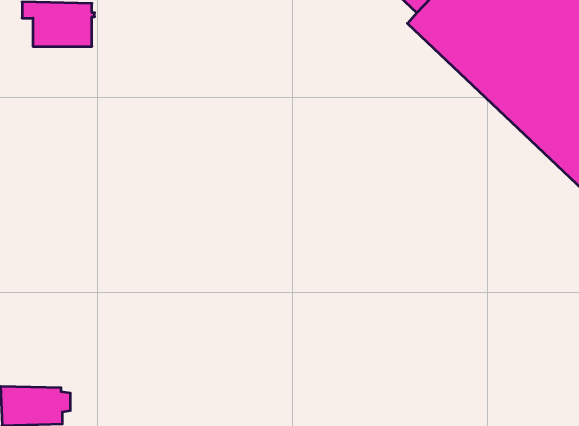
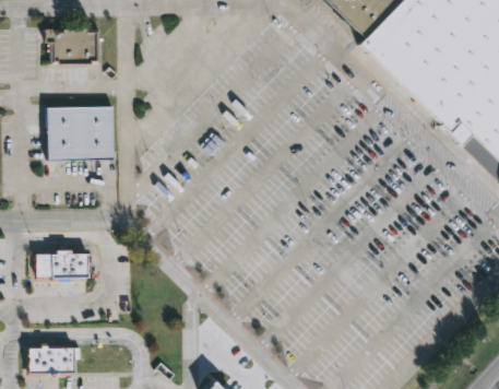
building: none -> [46,107,115,161]
building: none -> [36,251,91,282]

